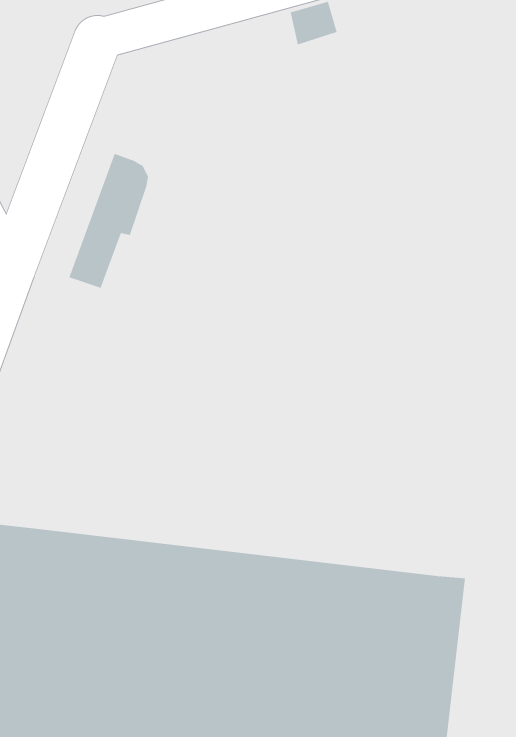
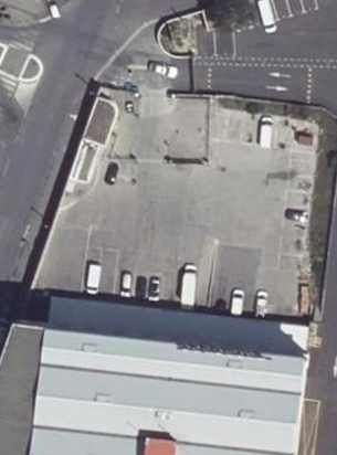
building: none -> [46,300,305,356]

